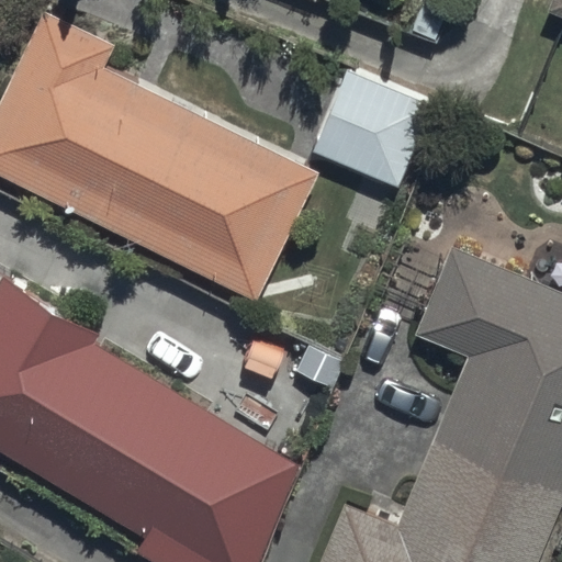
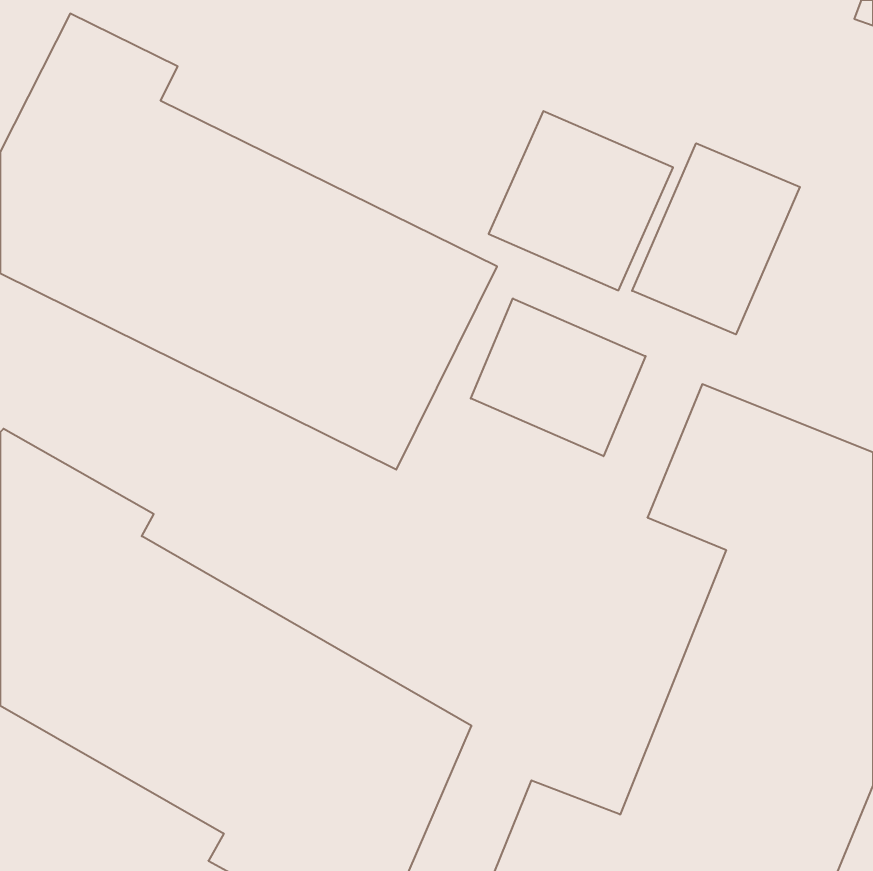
building: none -> [632,143,800,334]
building: none -> [471,298,646,456]

